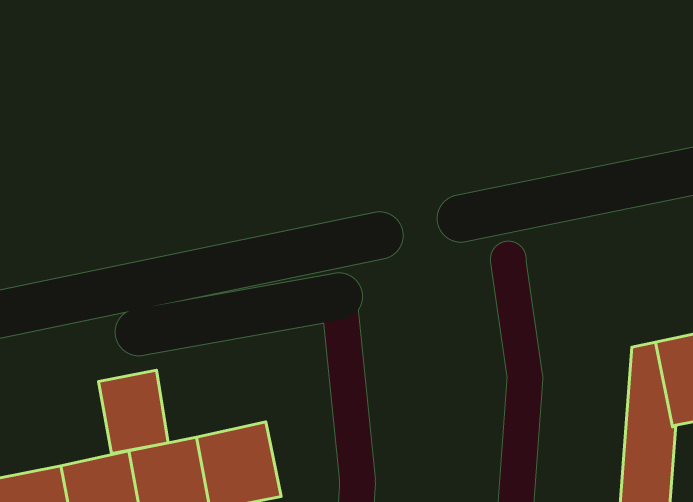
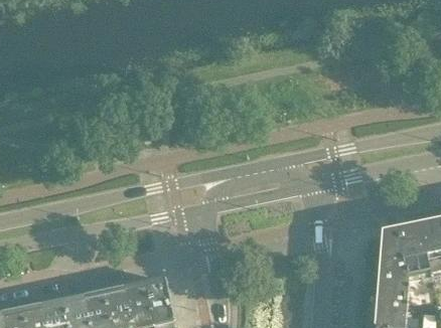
building: [98,370,168,453] -> none

